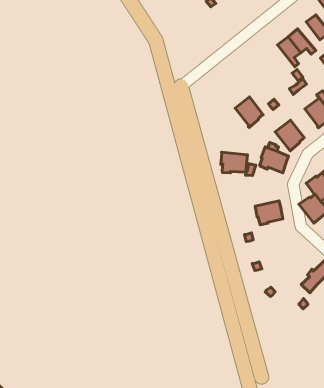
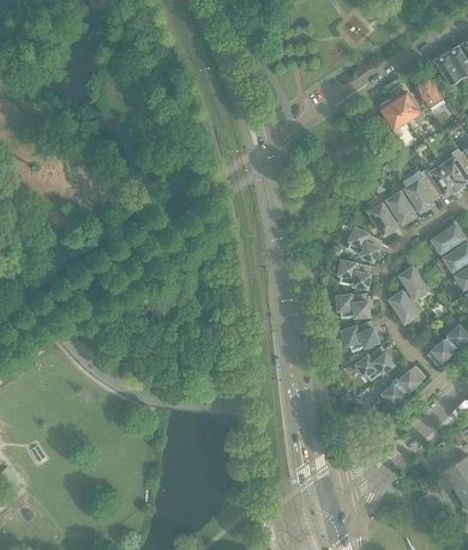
building: [235,97,263,127] -> [388,187,420,223]
building: [221,152,247,173] -> [338,260,371,286]
building: none -> [342,320,378,352]
building: none -> [356,346,394,381]

